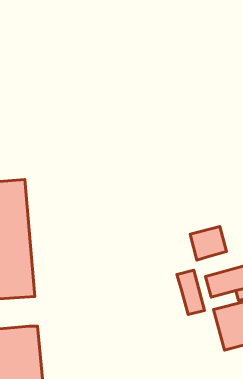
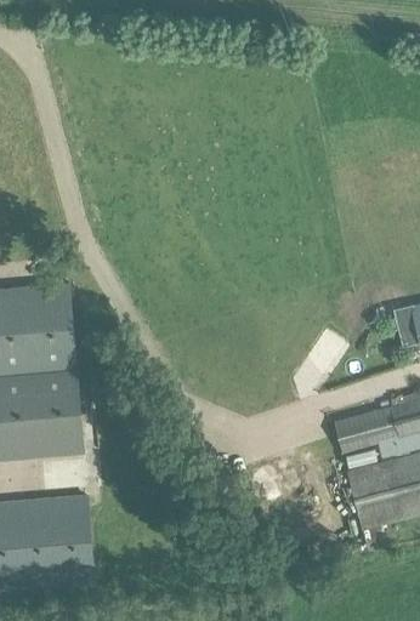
building: [190,227,226,260] -> none
building: [177,270,205,315] -> none

